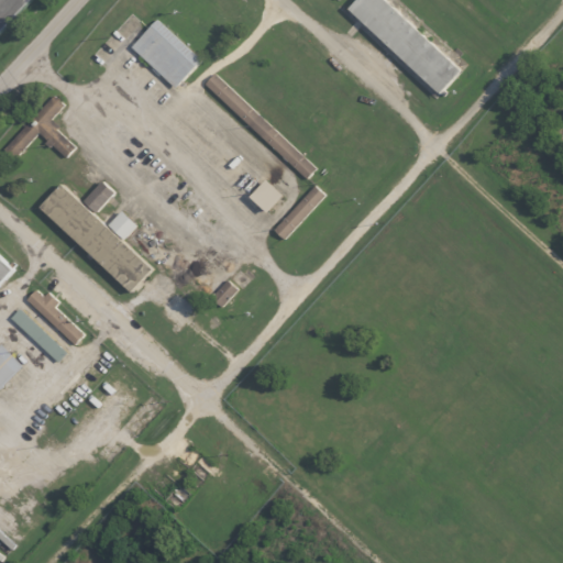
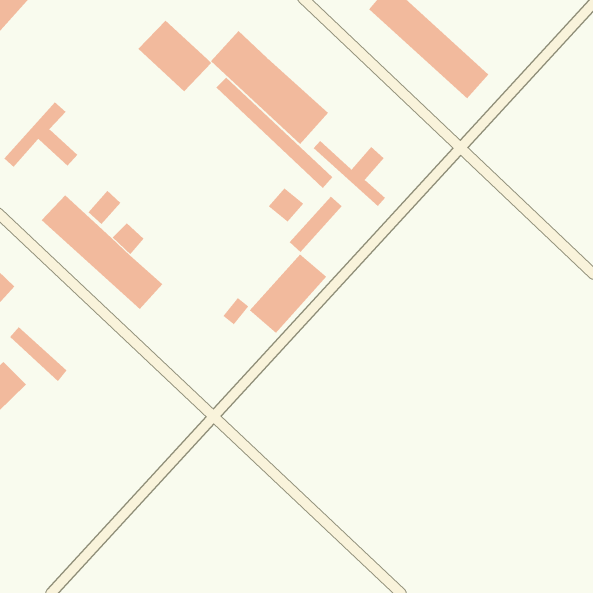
building: none -> [210,30,329,145]
building: none -> [313,140,386,207]
building: none -> [249,254,327,334]
building: [25,289,81,343] -> none

